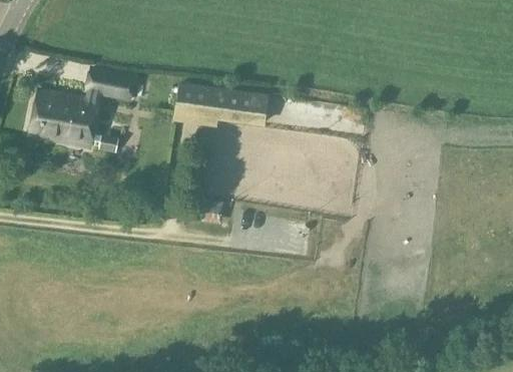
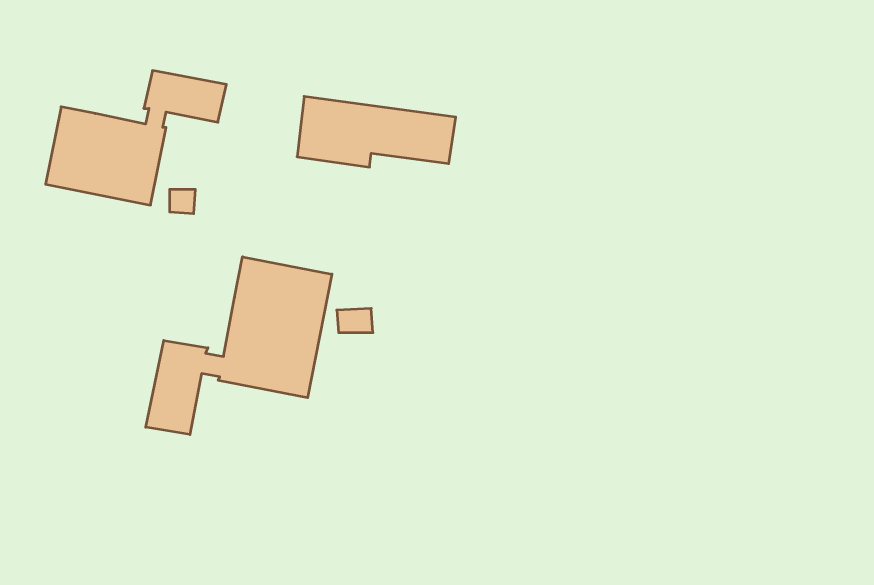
building: none -> [146,257,332,435]

